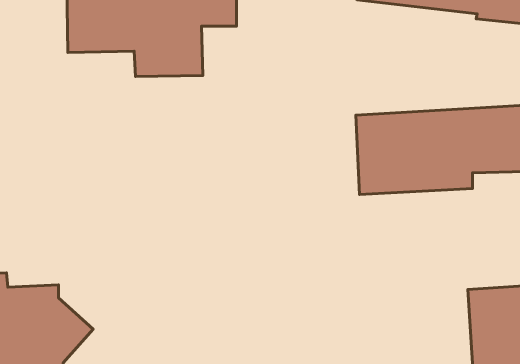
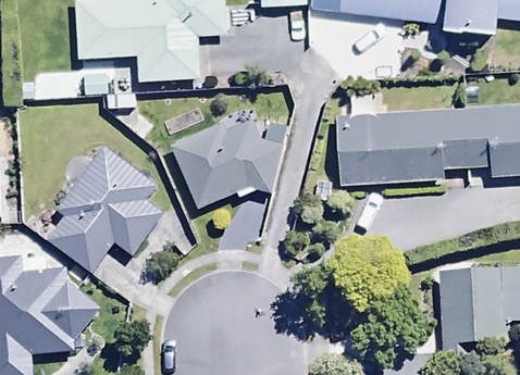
building: none -> [170,104,292,210]
building: none -> [46,145,162,273]

